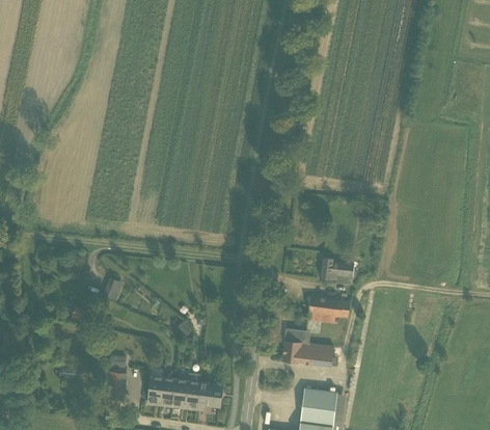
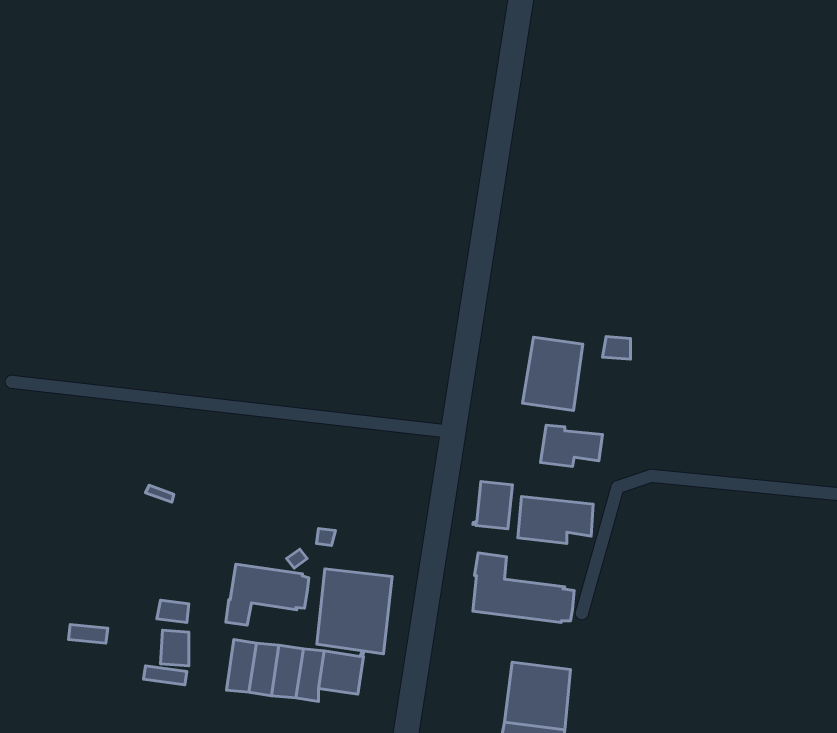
building: none -> [522,337,583,411]
building: none -> [473,482,513,529]
building: none -> [226,564,309,625]
building: none -> [317,569,392,654]

